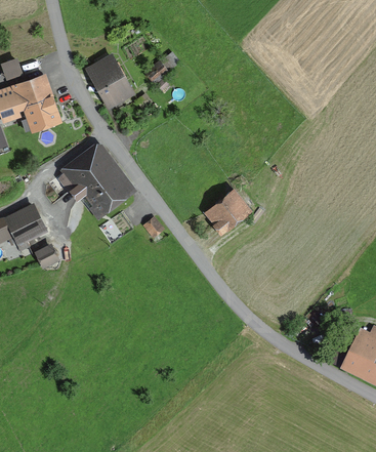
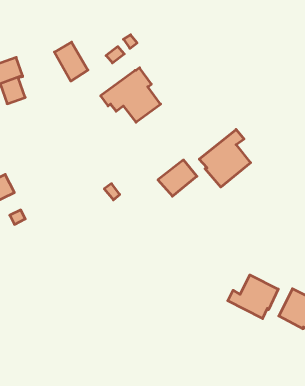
building: [59,149,127,210] -> [101,68,161,122]
building: none -> [199,129,251,187]
building: none -> [228,275,278,319]

